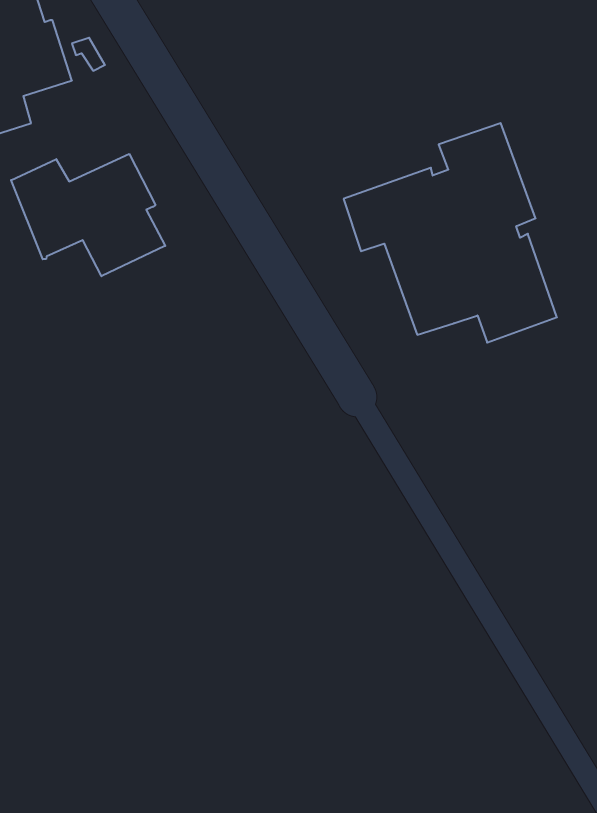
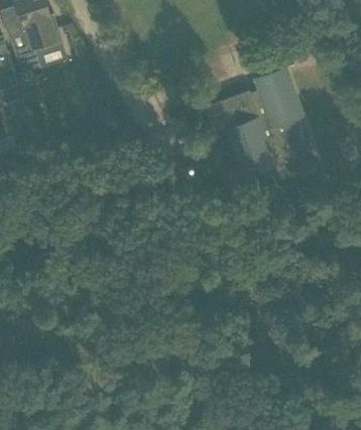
building: [11,154,165,276] -> none

